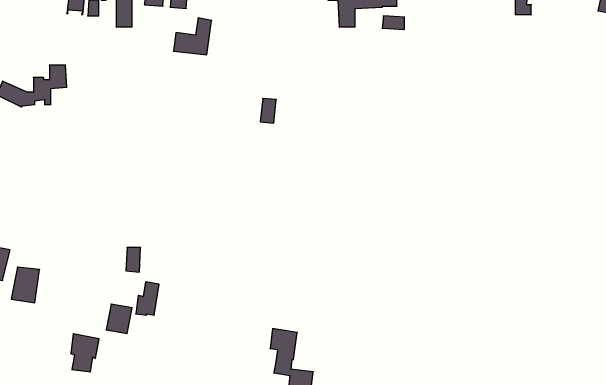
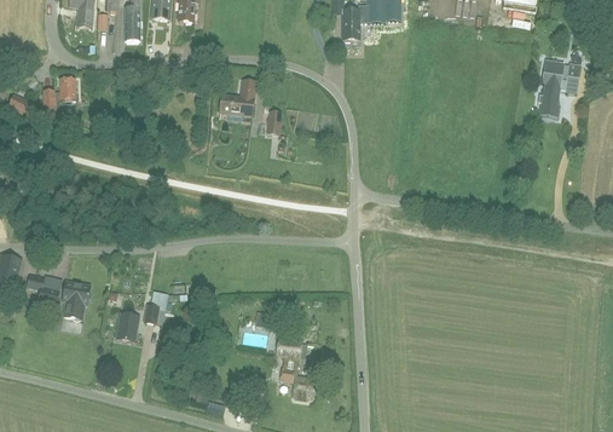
building: [173,18,212,55] -> [218,79,255,115]
building: none -> [537,58,579,115]
building: [71,334,99,372] -> [62,281,89,318]

